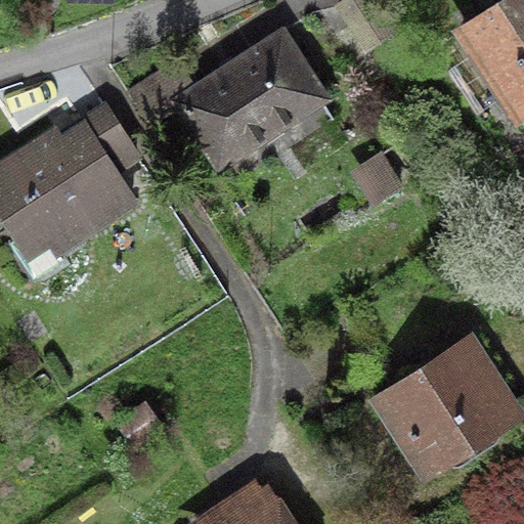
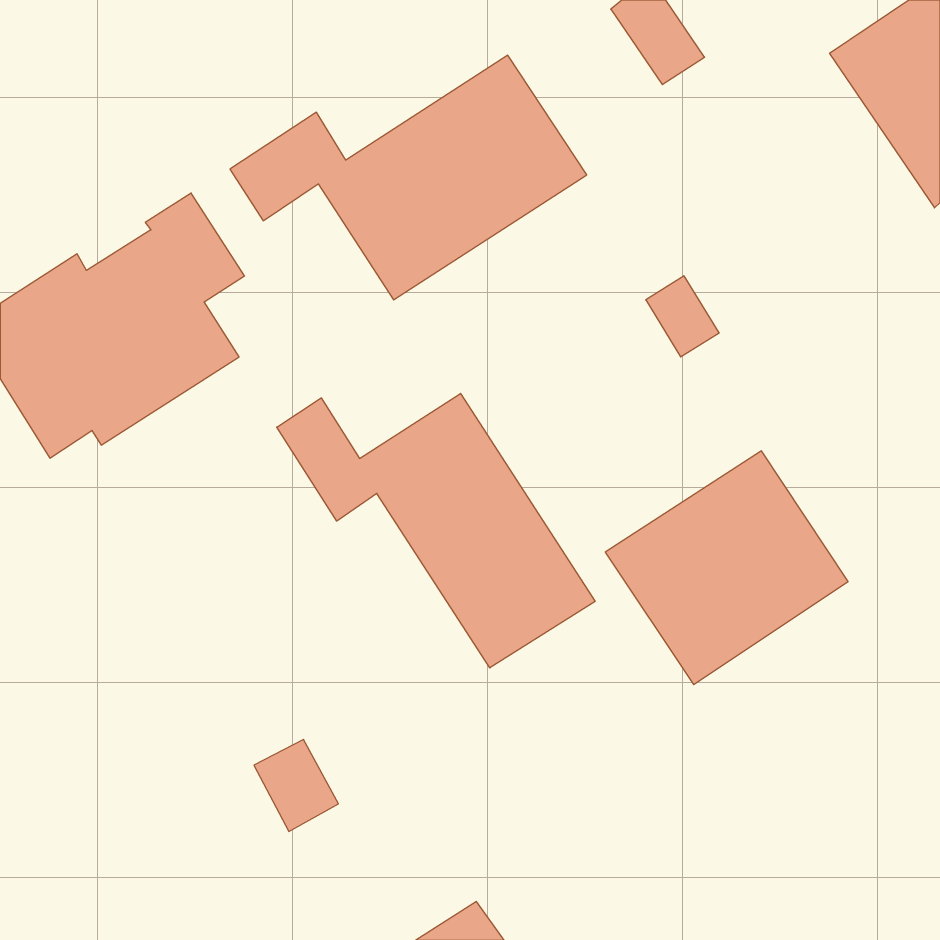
building: none -> [277,393,595,668]
building: [380,342,515,472] -> [605,451,848,685]

